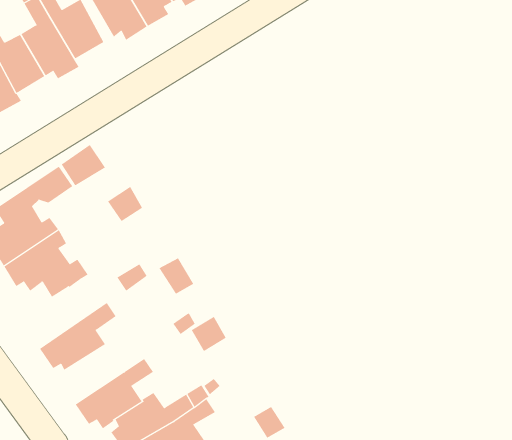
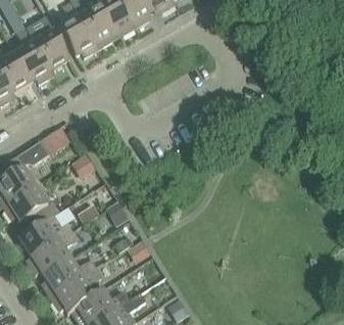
building: none -> [18,216,71,262]
building: none -> [41,259,96,298]

